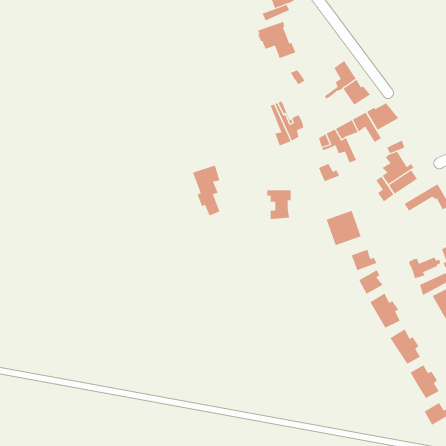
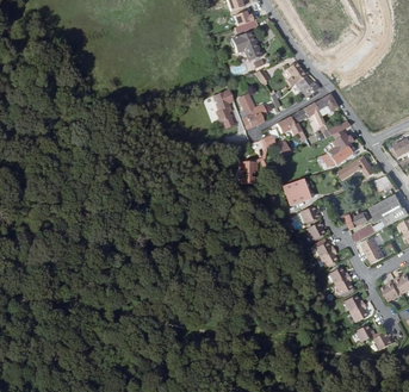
building: [192,165,220,216] -> [211,89,233,129]

